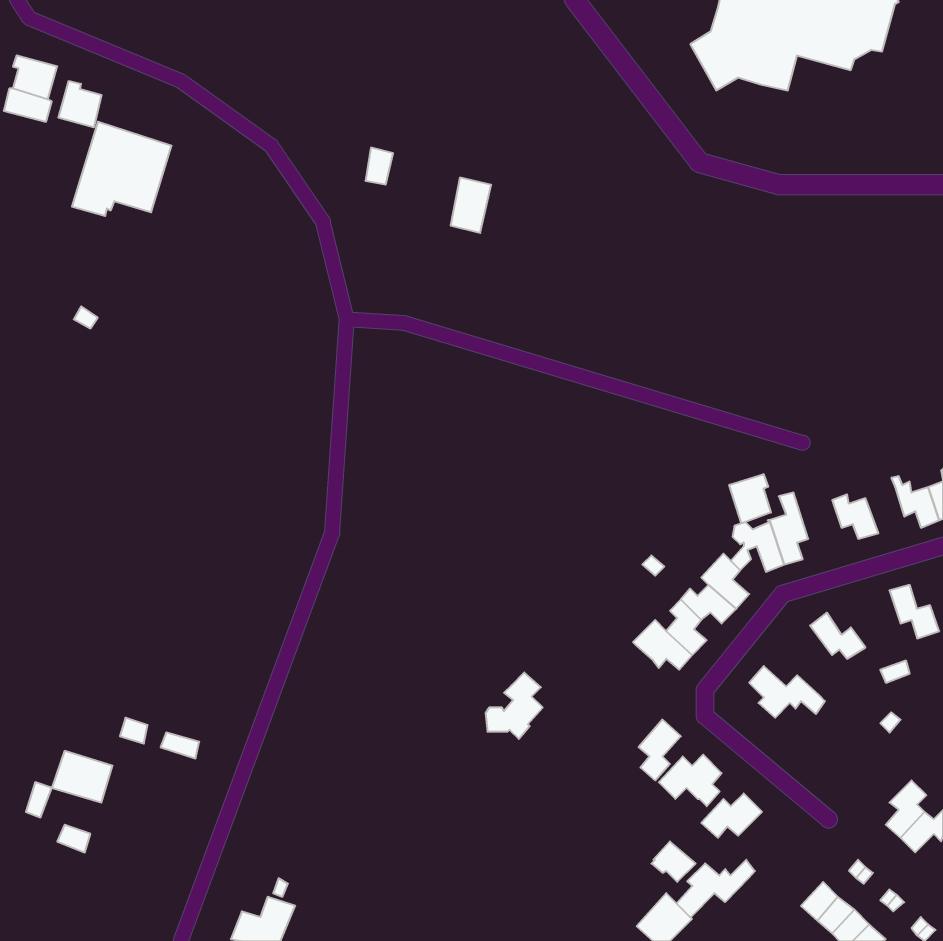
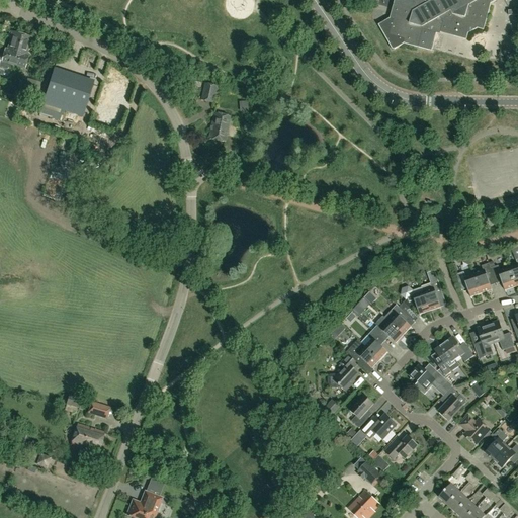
building: [58,81,101,127] -> none
building: [451,178,491,233] -> [208,111,231,142]
building: [729,474,771,523] -> none
building: none -> [474,262,496,292]
building: none -> [476,324,494,357]
building: none -> [433,343,460,375]
building: [486,672,543,739] -> [328,354,359,391]
building: none -> [439,384,462,420]
building: [52,751,113,803] -> [71,425,104,453]
building: none -> [460,415,490,444]
building: [677,860,755,917] -> none

